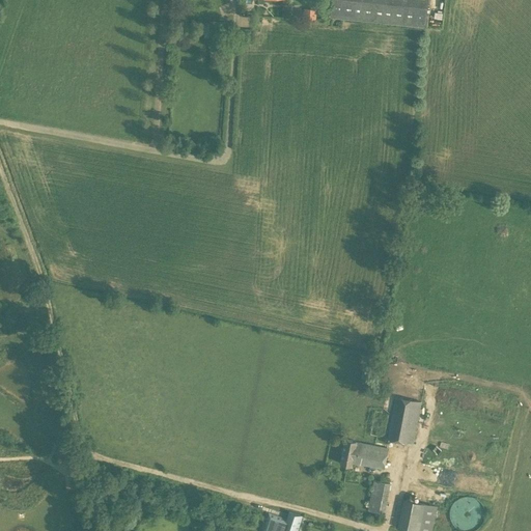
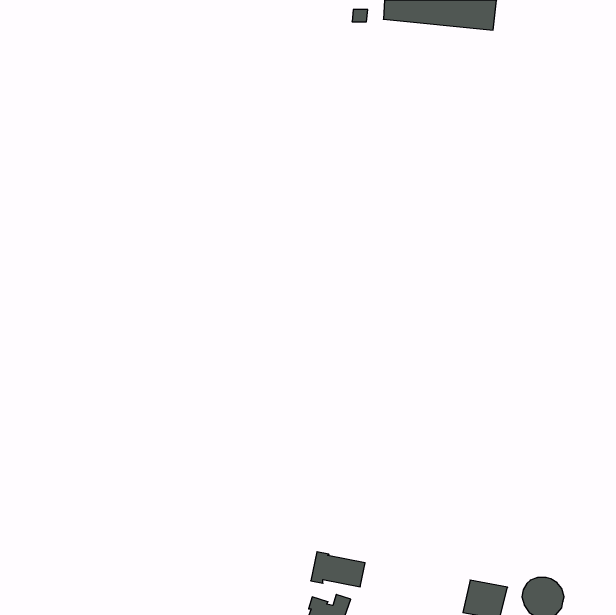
building: [387,397,420,444] -> none
building: [340,439,387,469] -> [311,552,365,587]
building: [367,480,389,513] -> none

